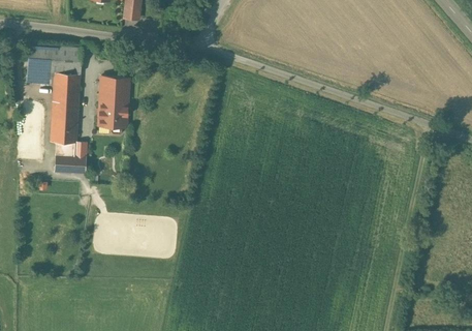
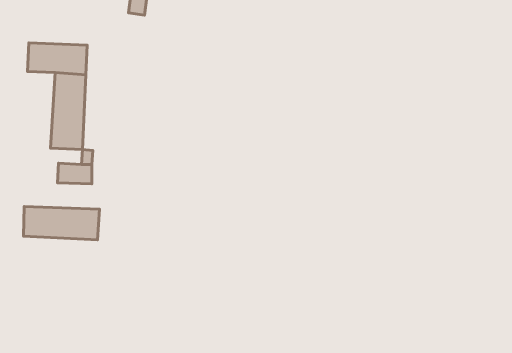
building: [97,73,131,127] -> none
building: none -> [23,206,99,240]

